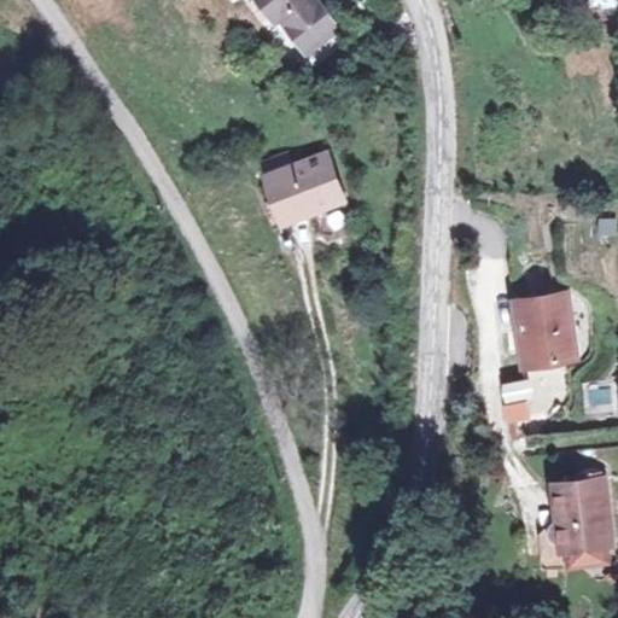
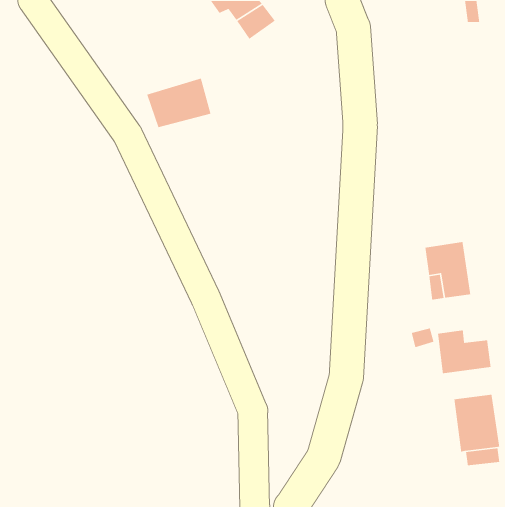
building: [261,157,340,218] -> [146,77,212,128]
building: none -> [437,330,491,374]

